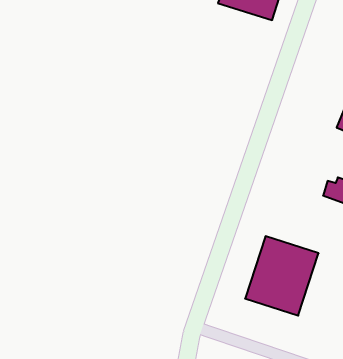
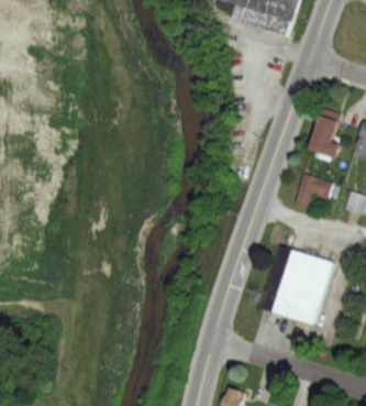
building: none -> [313,117,343,158]
building: none -> [293,175,332,207]

